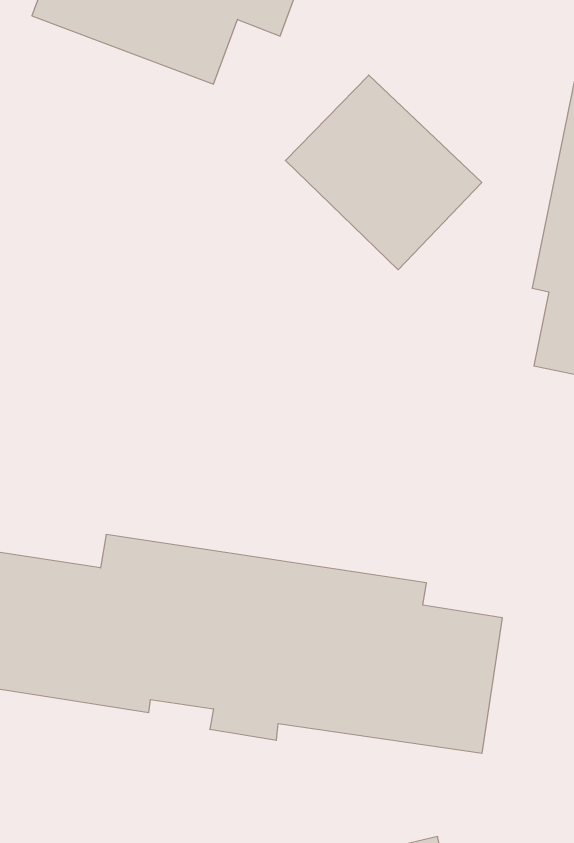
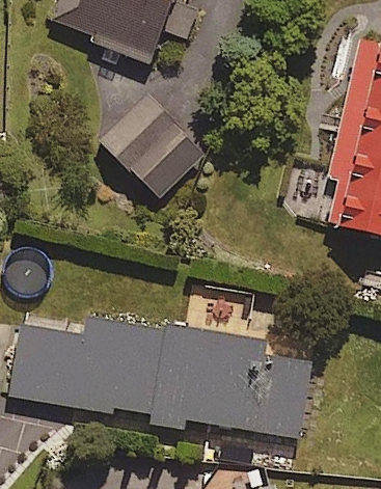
building: [285,75,482,270] -> [99,92,209,201]

